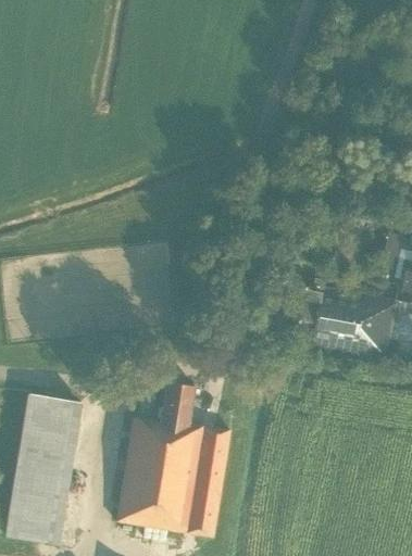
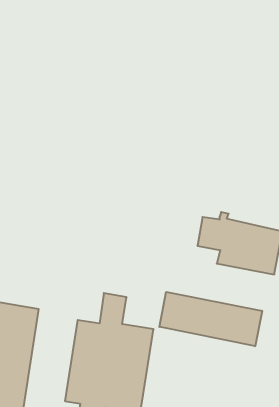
building: none -> [159,292,262,346]

